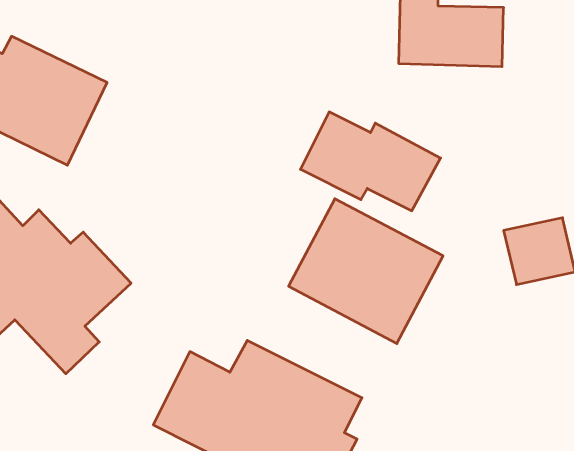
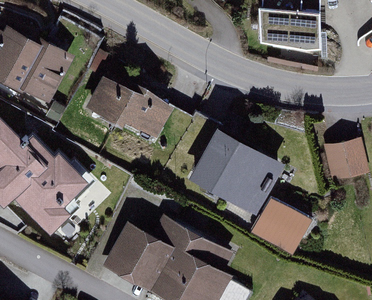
building: [300,112,441,211] -> [82,73,170,135]
building: none -> [252,199,311,255]

